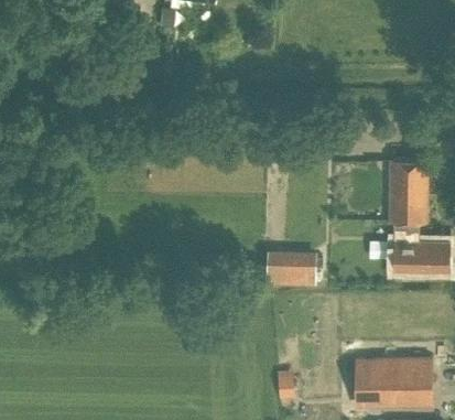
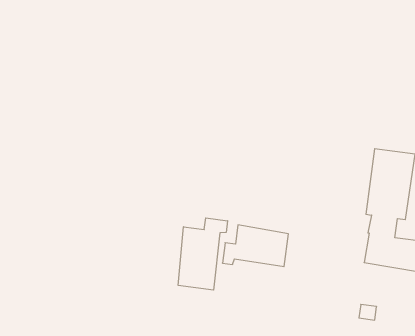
building: none -> [178,218,228,290]

